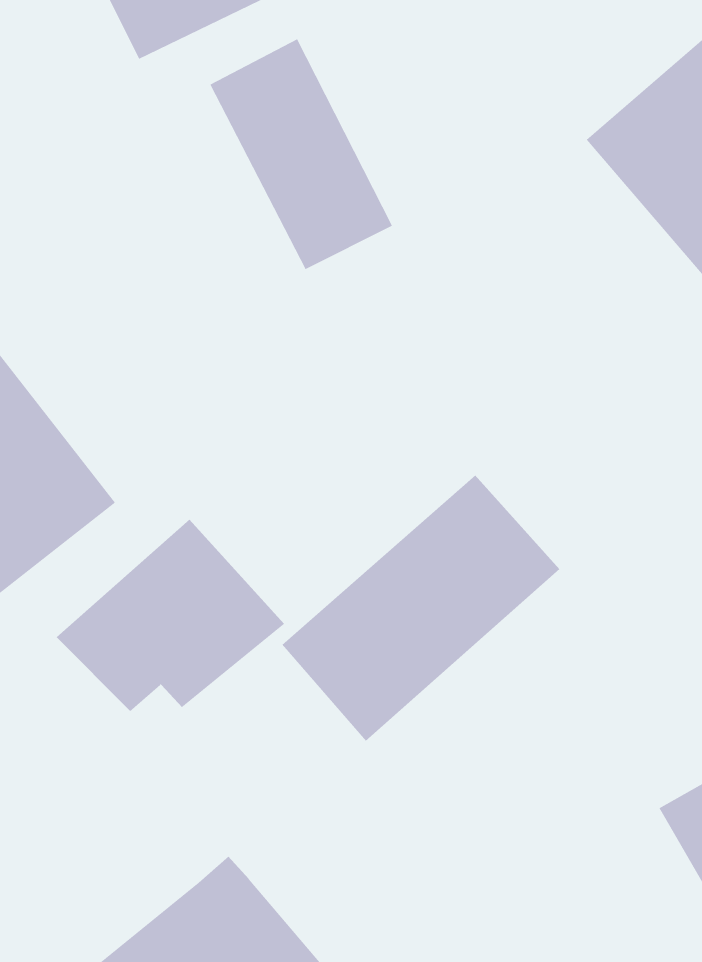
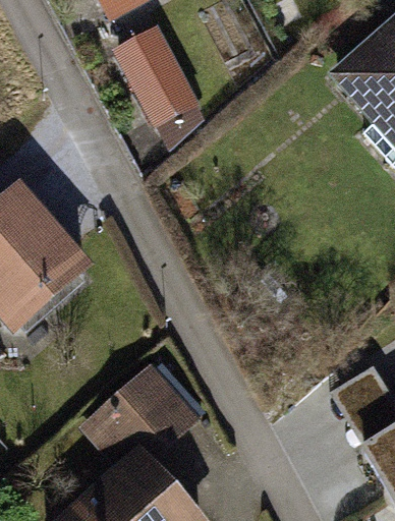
building: [281,475,560,741] -> none
building: [56,519,285,712] -> [75,370,198,473]

